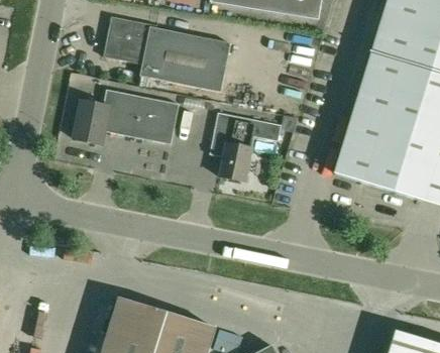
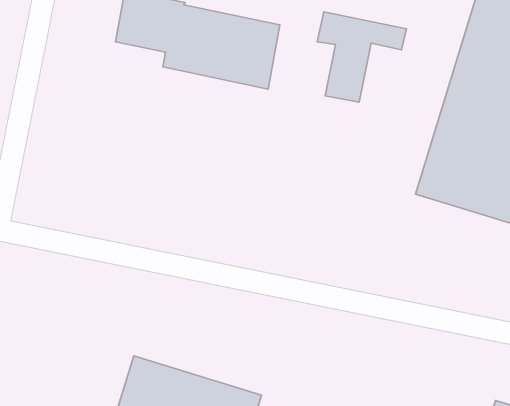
building: [75,89,180,143] -> none
building: [213,111,282,181] -> [317,12,407,102]

